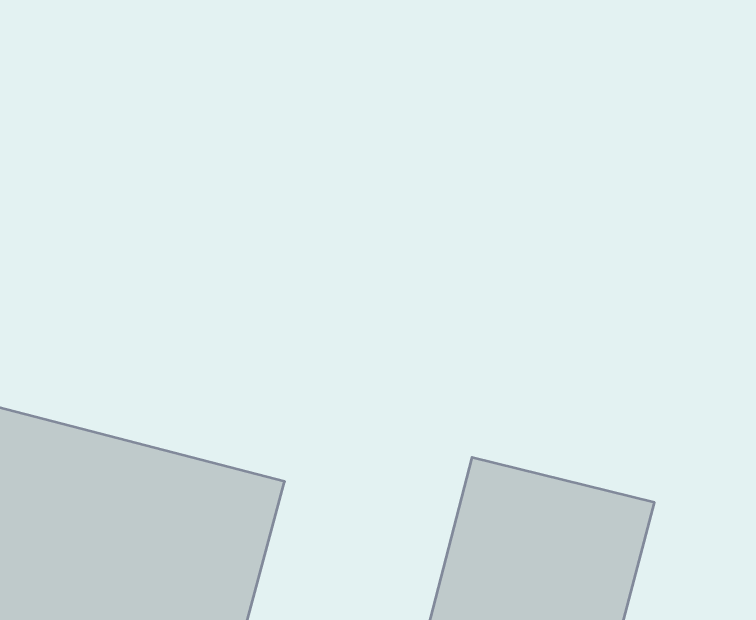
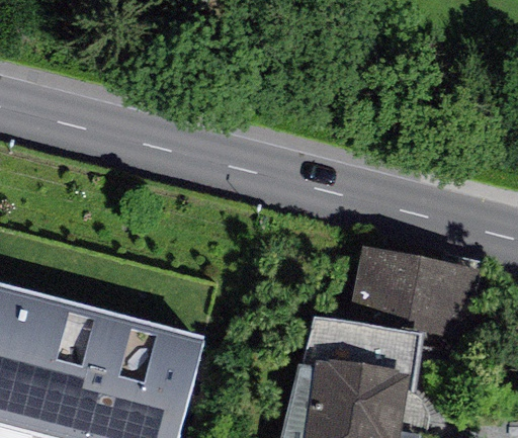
building: none -> [342,245,476,346]

